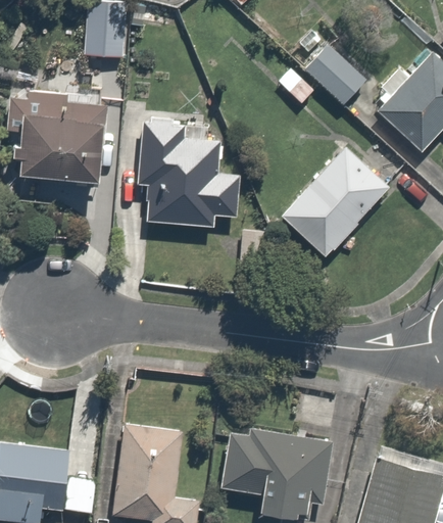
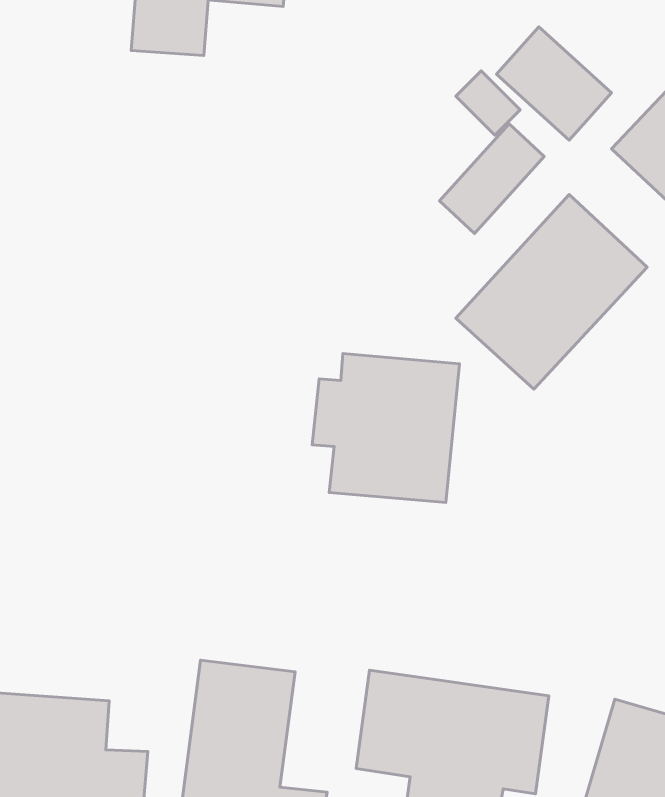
building: [11,92,108,182] -> none
building: none -> [439,124,544,233]
building: [135,135,224,225] -> [312,354,459,503]

